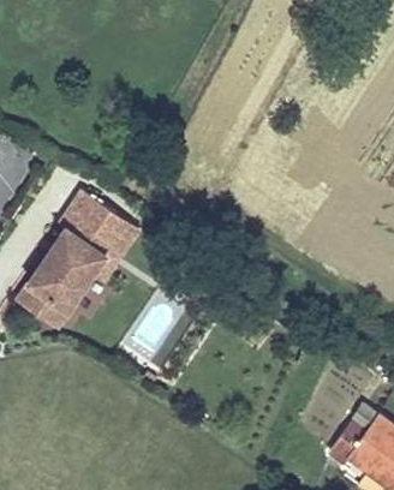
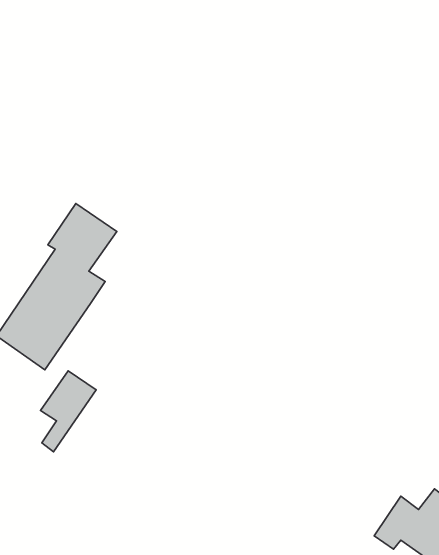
building: [92,209,138,275] -> [40,371,96,452]

